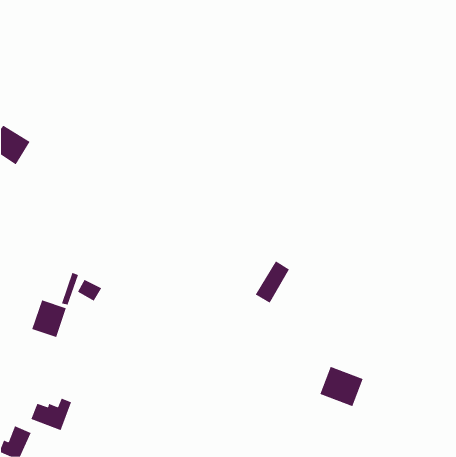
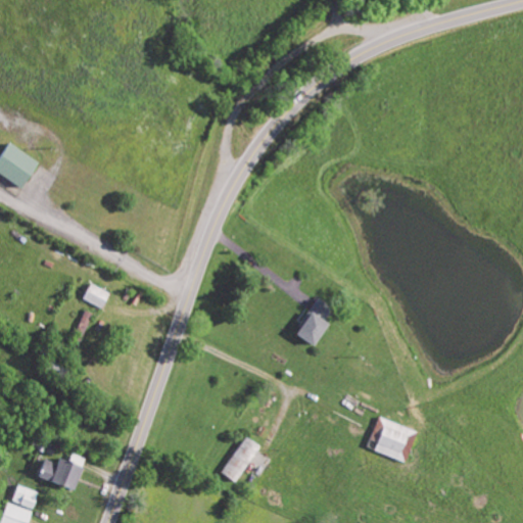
building: [77,279,102,302] -> [83,283,111,308]
building: [31,300,67,338] -> none
building: none -> [221,436,262,483]

